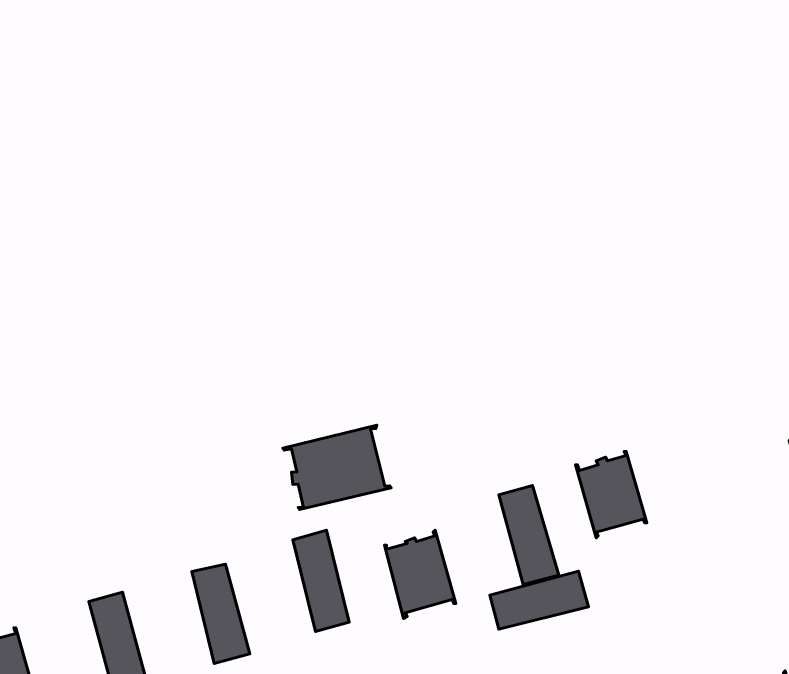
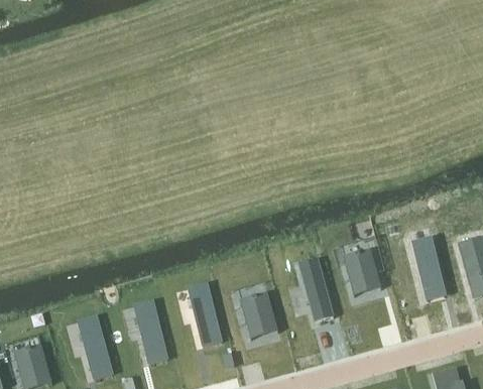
building: [283,425,391,510] -> none
building: none -> [411,236,442,289]
building: [490,571,588,629] -> none

